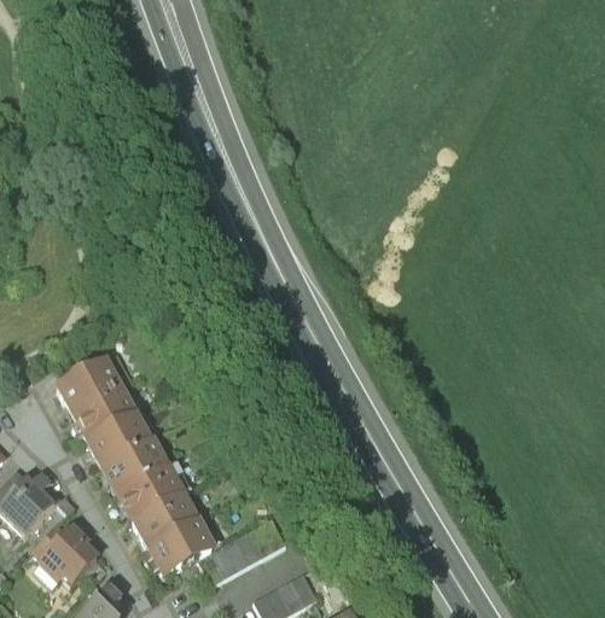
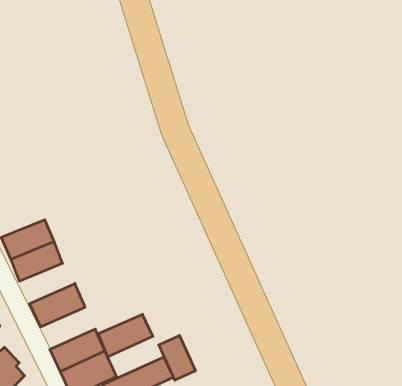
building: [82,408,150,464] -> none
building: [115,461,185,519] -> [98,314,153,357]
building: none -> [159,335,195,380]

